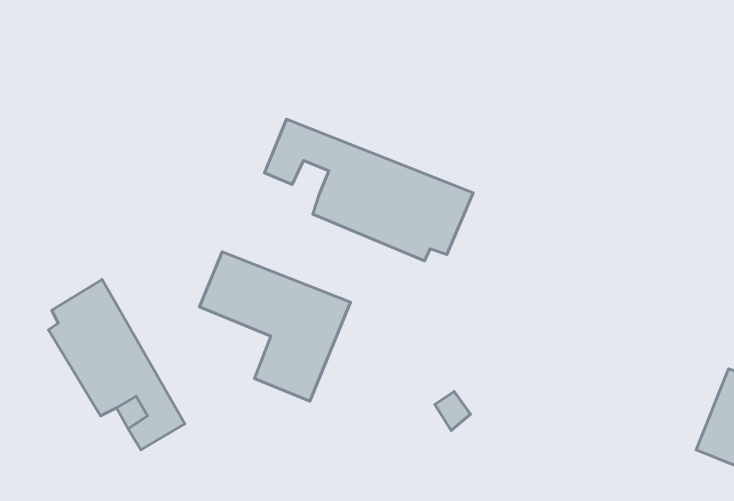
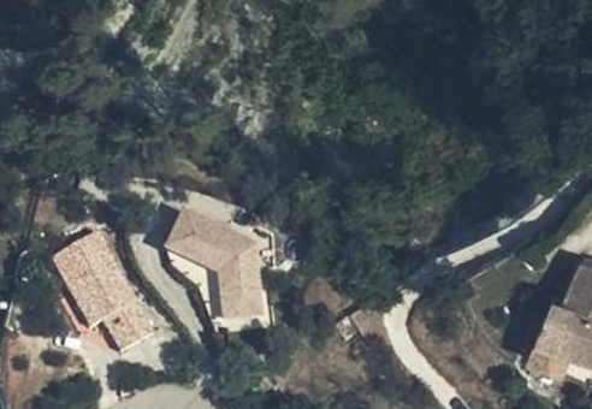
building: [265,119,473,261] -> none

